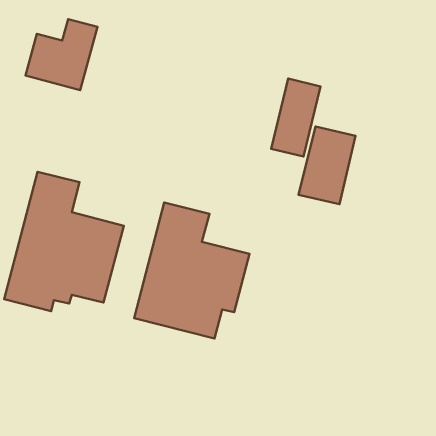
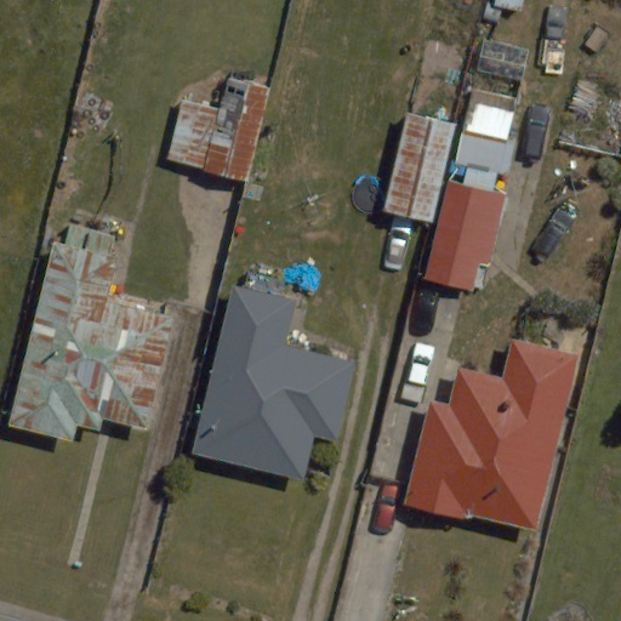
building: [26,19,97,90] -> [166,76,268,177]
building: none -> [404,336,579,529]

